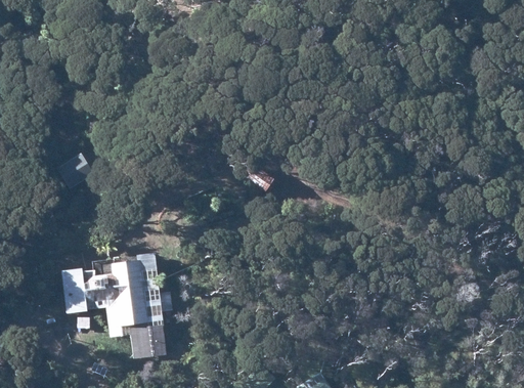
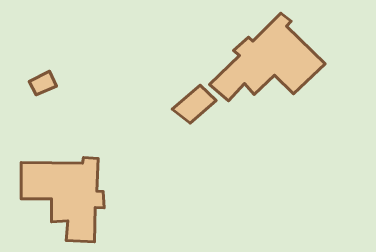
building: none -> [209,13,325,101]

